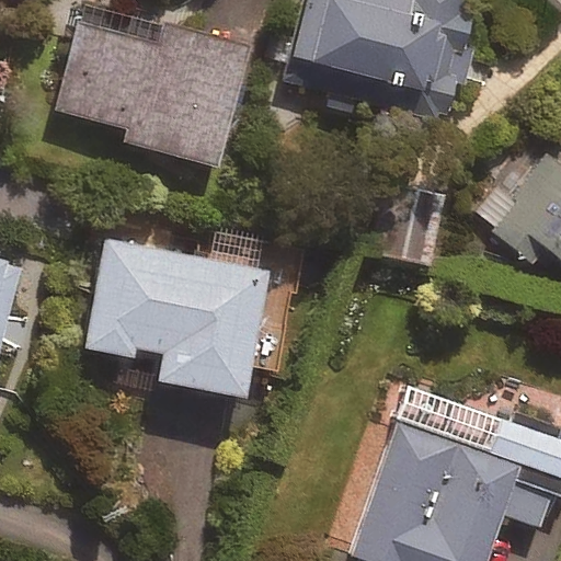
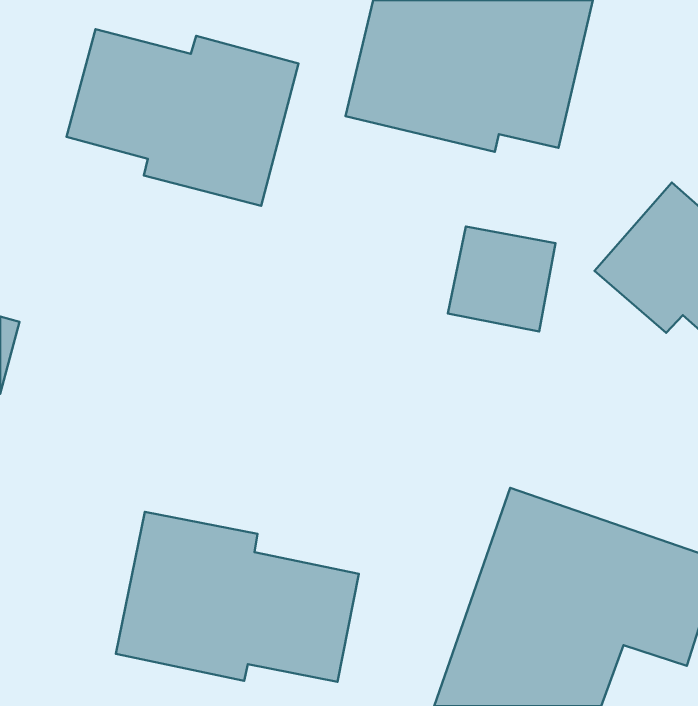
building: [82,225,294,393] -> none
building: none -> [116,512,359,682]

